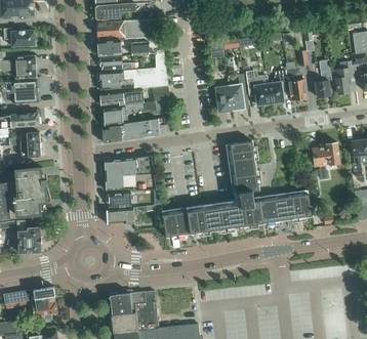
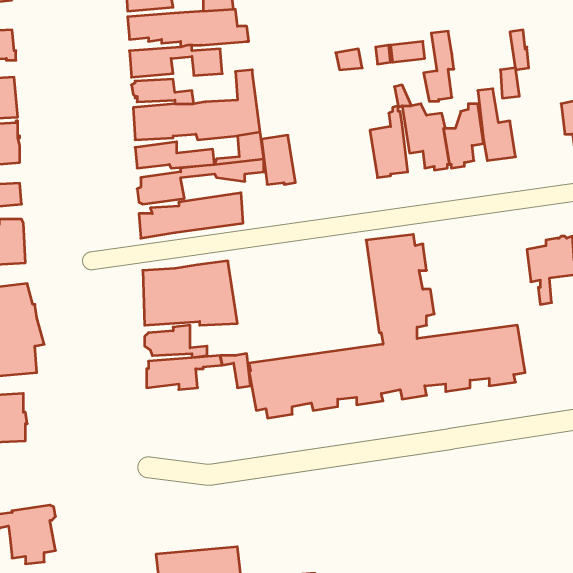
building: [315,60,331,98] -> [424,31,454,101]
building: [213,85,232,112] -> [261,135,295,184]
building: [110,291,156,314] -> none

